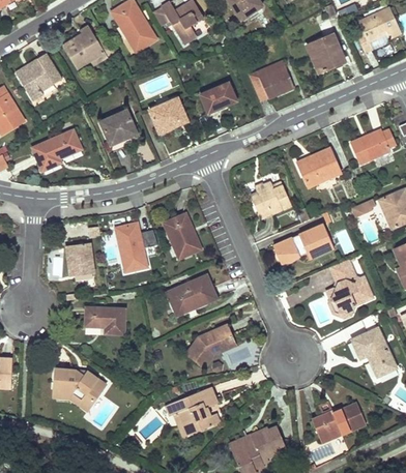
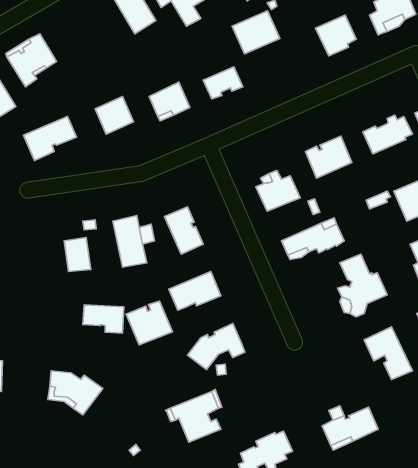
building: [62,26,106,68] -> none
building: [250,61,294,101] -> [232,11,280,54]
building: none -> [126,301,172,345]

